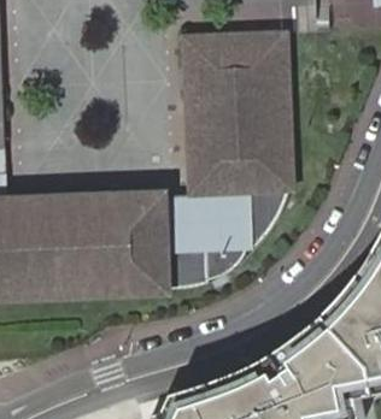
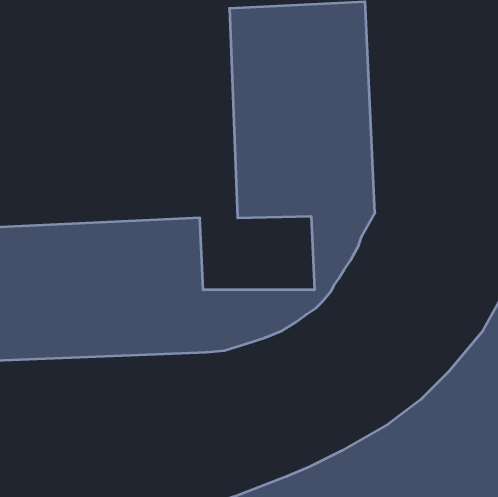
building: [160,188,245,242] -> none

